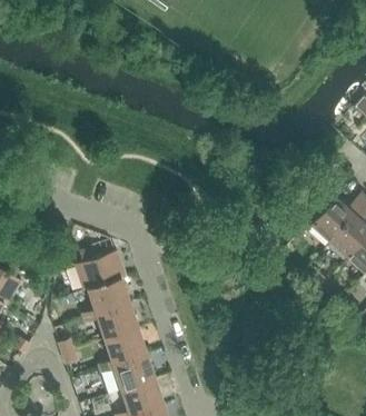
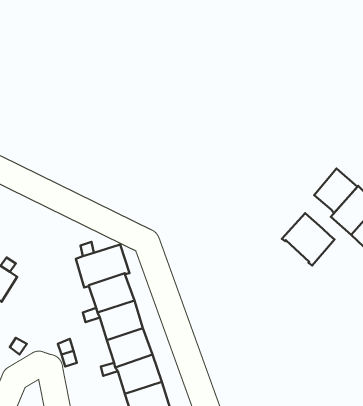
building: none -> [314,168,357,213]
building: none -> [282,213,334,265]

